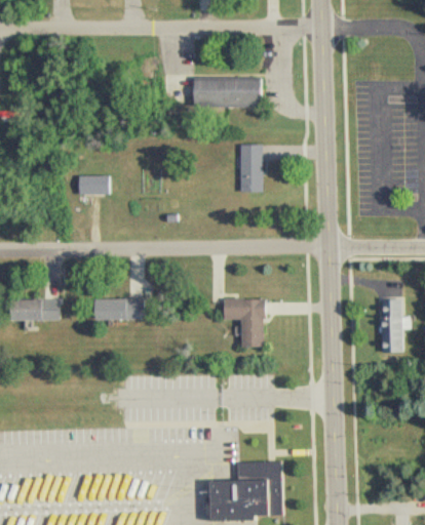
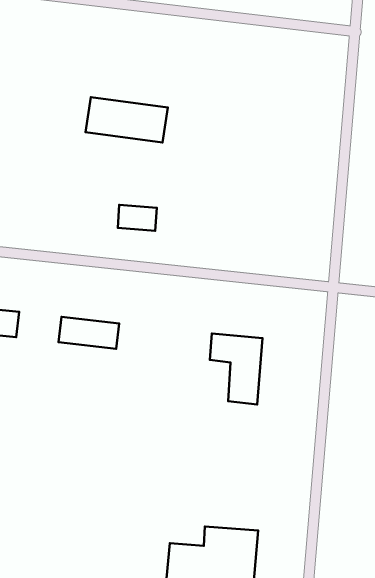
building: [193,77,260,108] -> [86,97,168,142]
building: [240,144,261,191] -> none
building: [77,173,110,194] -> [118,205,157,231]

